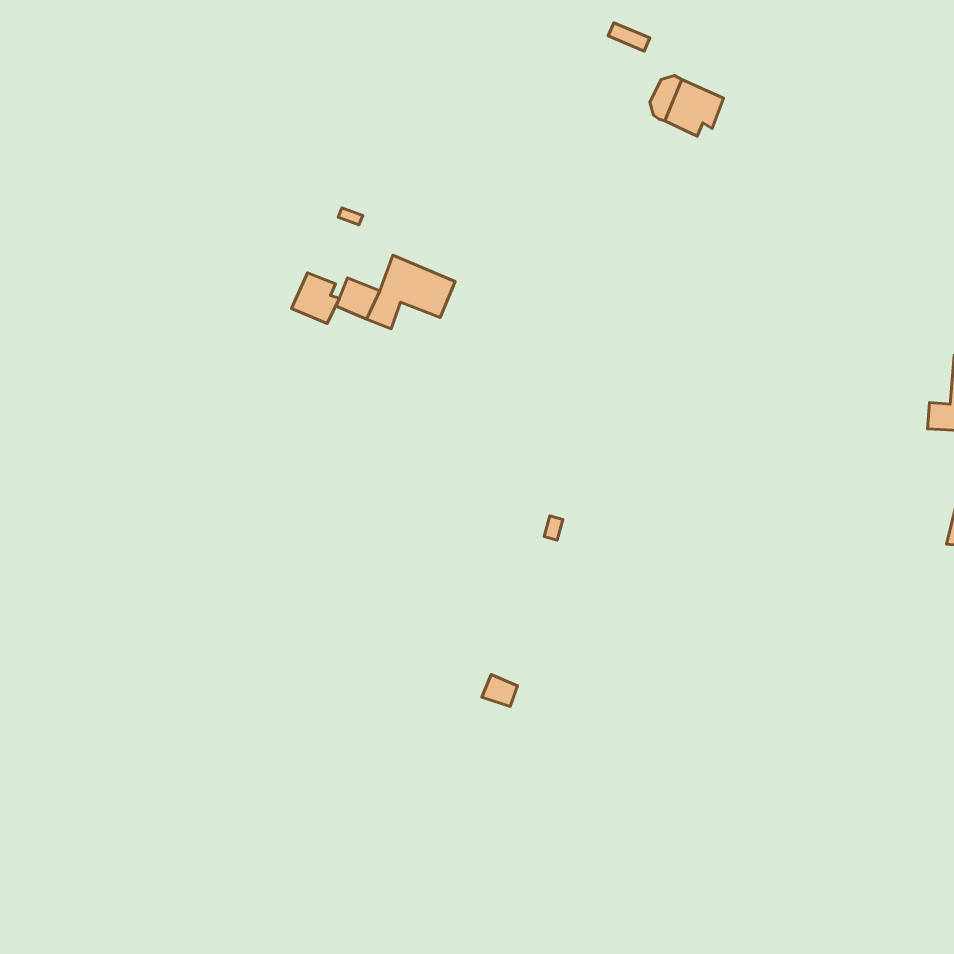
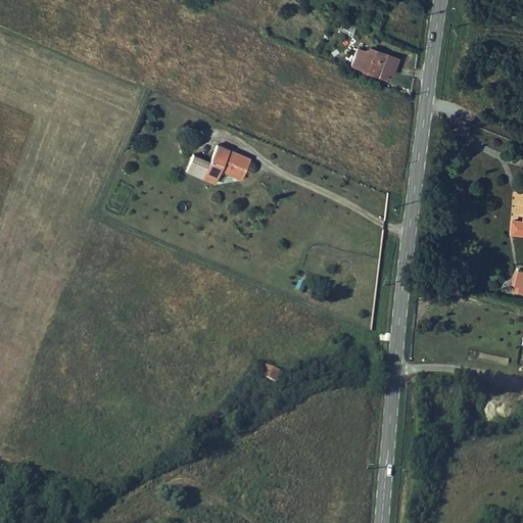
building: [291,273,339,323] -> none

